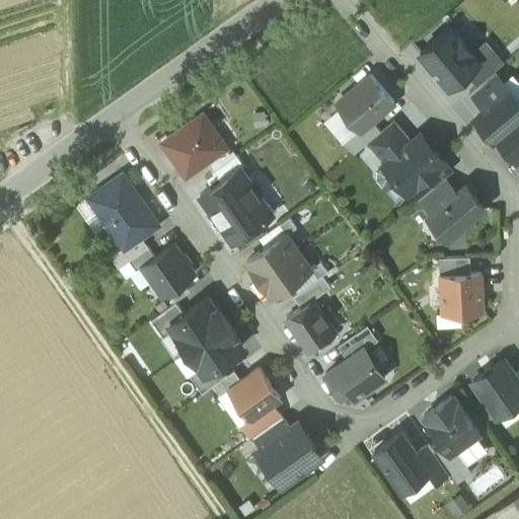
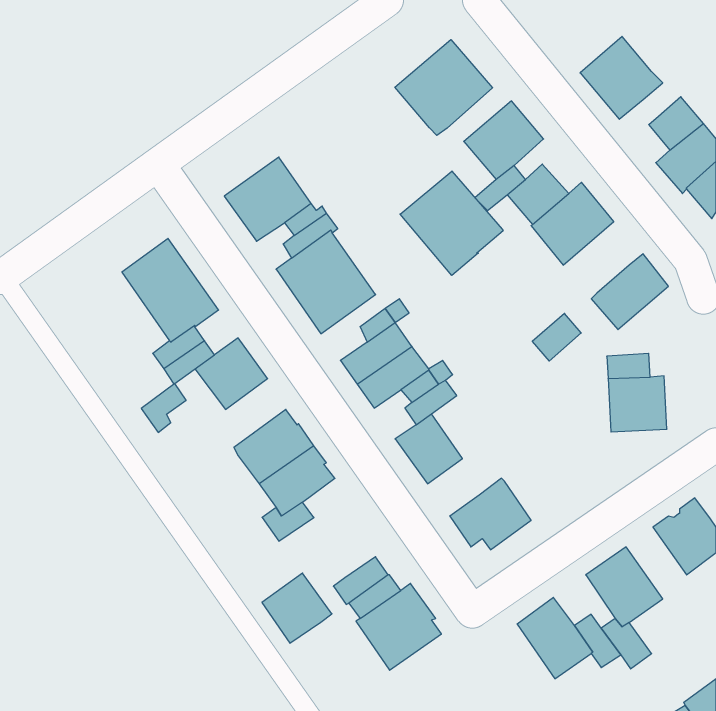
building: none -> [395,40,493,135]
building: [465,44,504,88] -> none
building: none -> [400,171,503,275]
building: [420,181,455,216] -> [532,313,581,361]
building: [151,305,183,341] -> [141,383,186,432]
building: [338,328,377,362] -> none
building: [229,371,280,422] -> [262,573,332,643]

